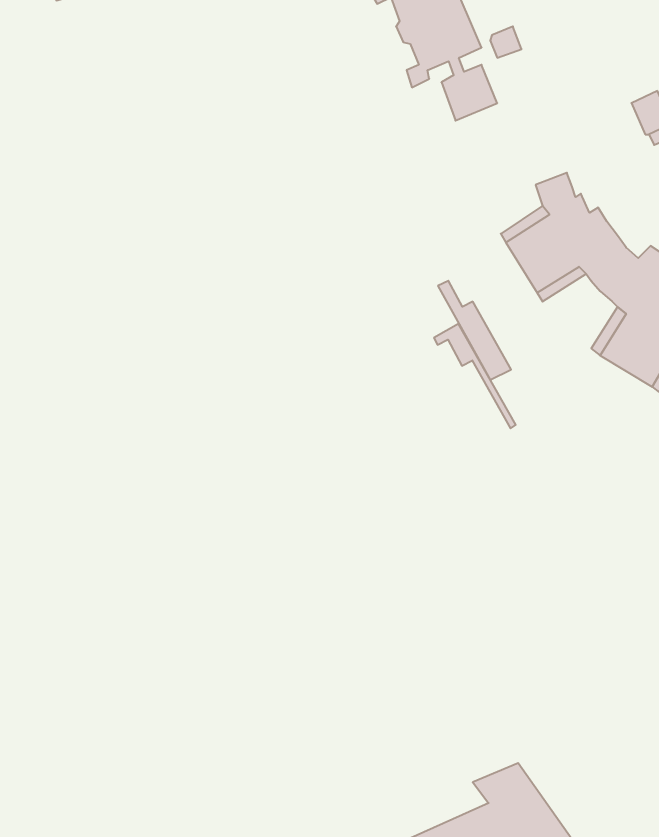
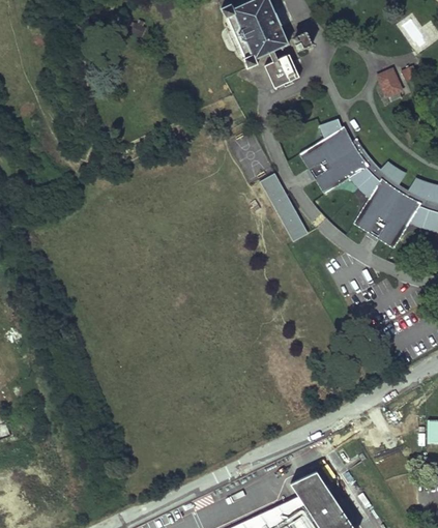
building: [434,324,516,428] -> [261,174,310,236]

